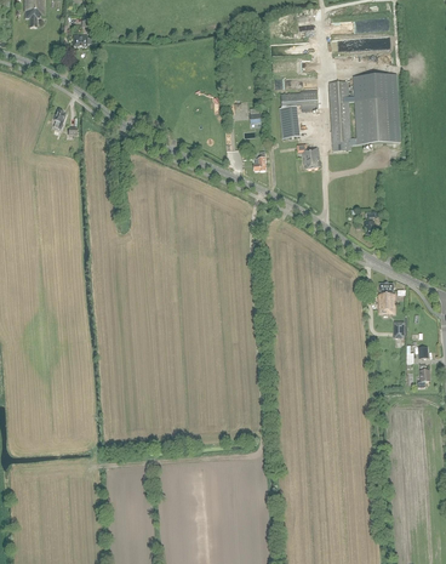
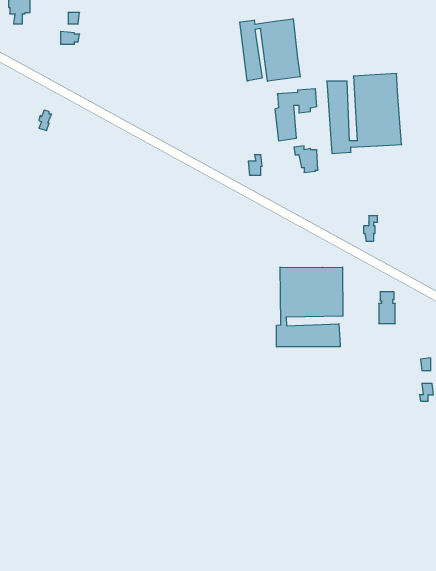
building: none -> [240,19,300,81]
building: none -> [277,267,343,347]

